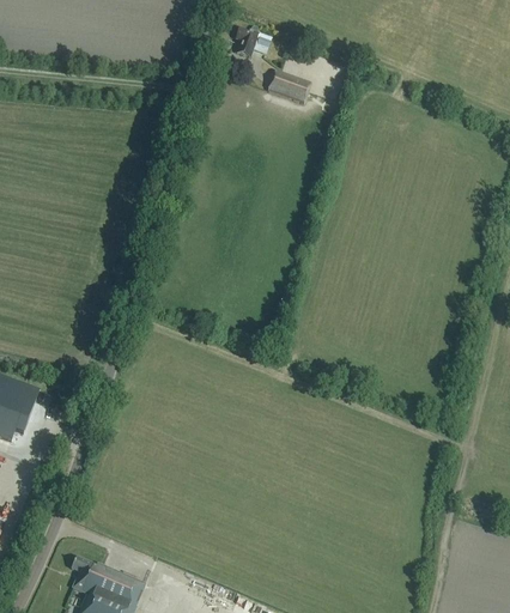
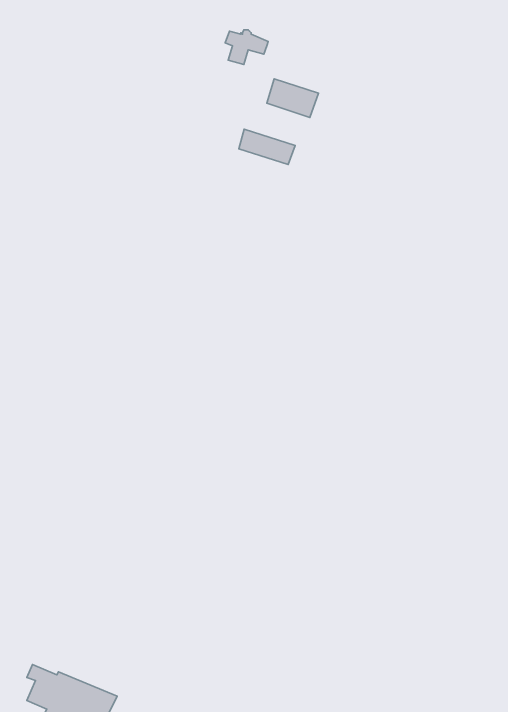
building: none -> [239,129,295,164]

